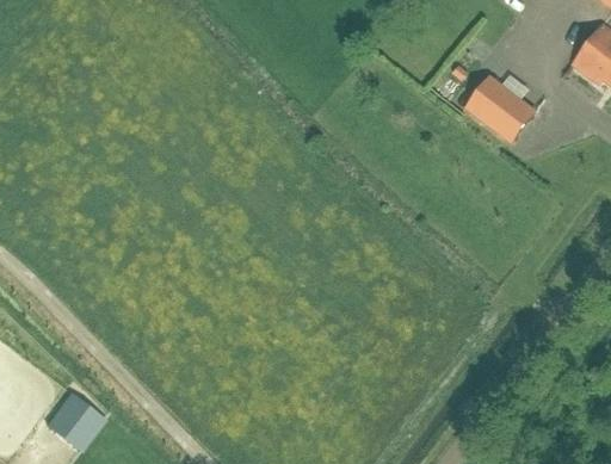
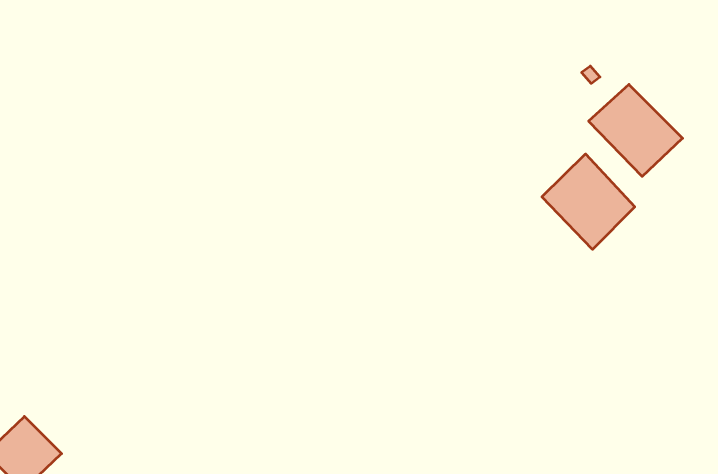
building: none -> [542,154,635,249]

